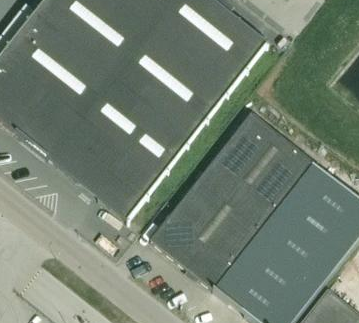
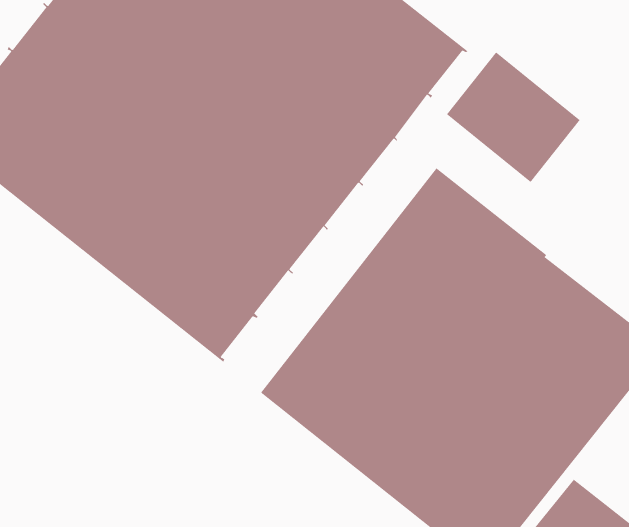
building: none -> [446,51,581,183]

